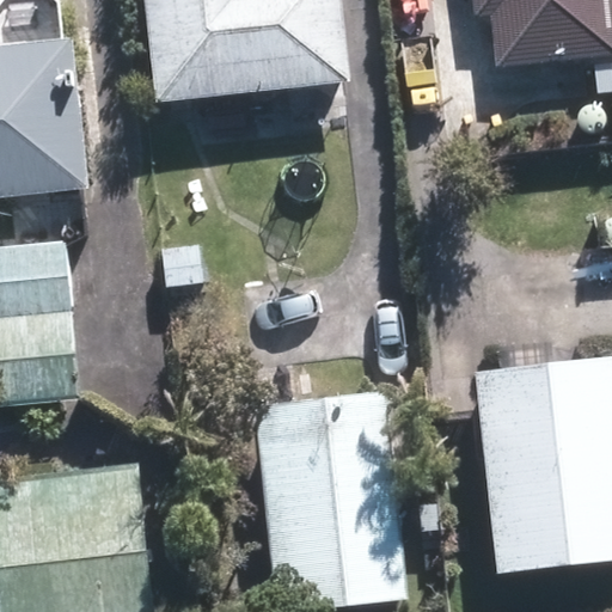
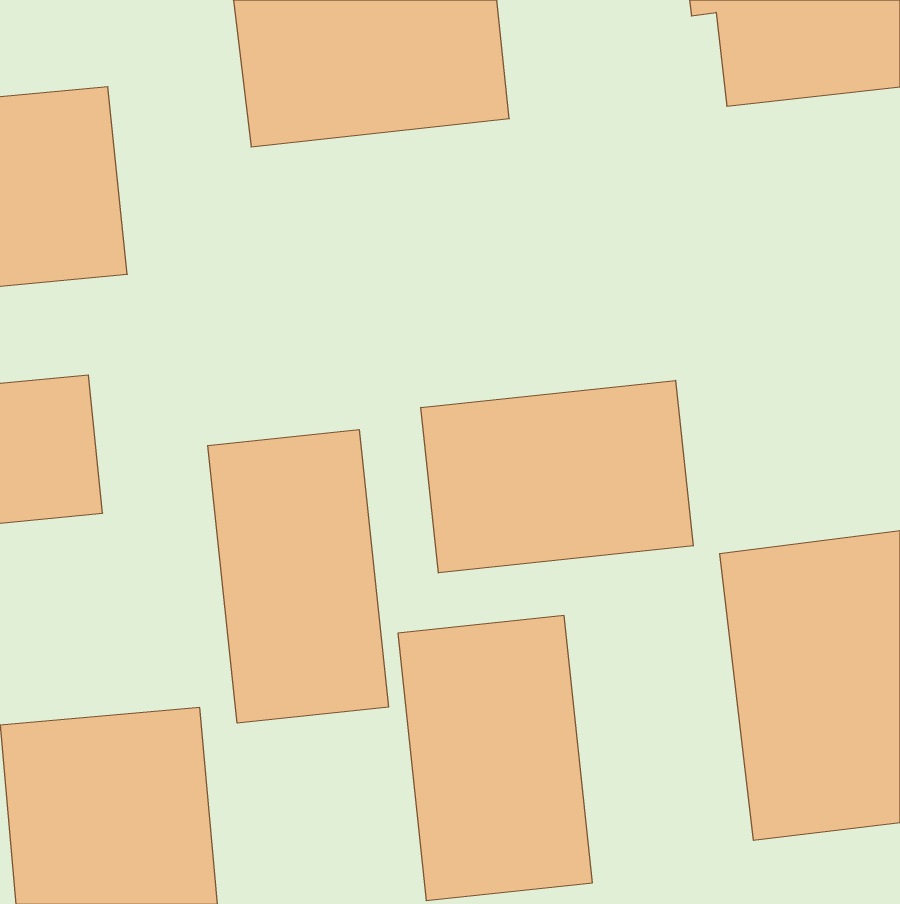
building: none -> [421,380,693,573]
building: none -> [208,430,388,723]

